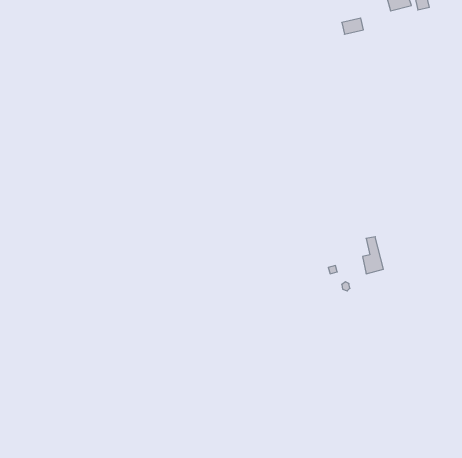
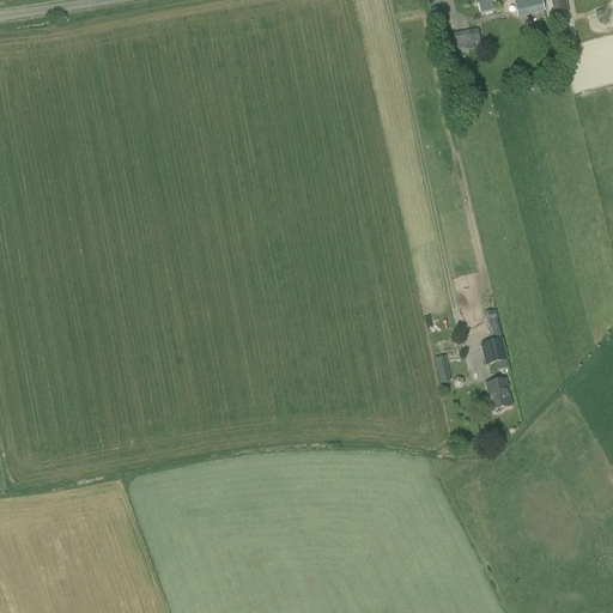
building: none -> [485,376,511,407]

